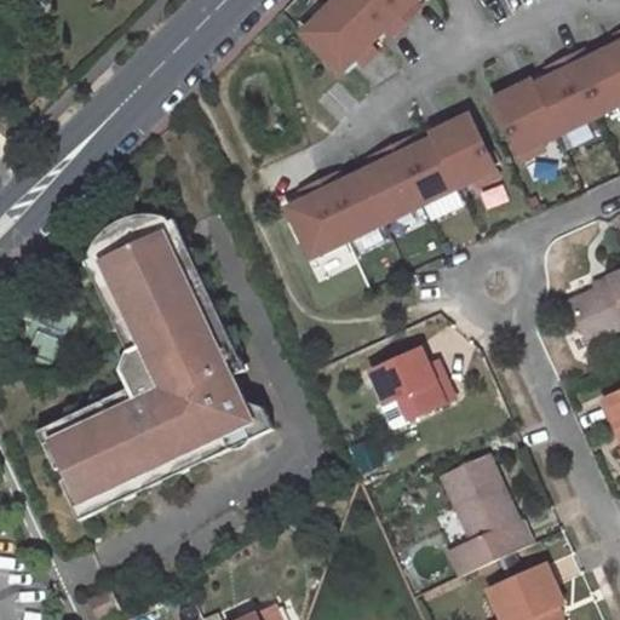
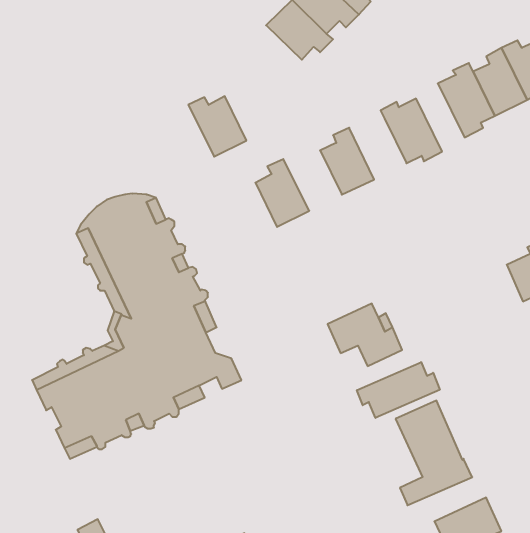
building: [392,139,457,207] -> none
building: [318,174,384,242] -> [188,96,246,157]
building: none -> [357,362,440,418]

